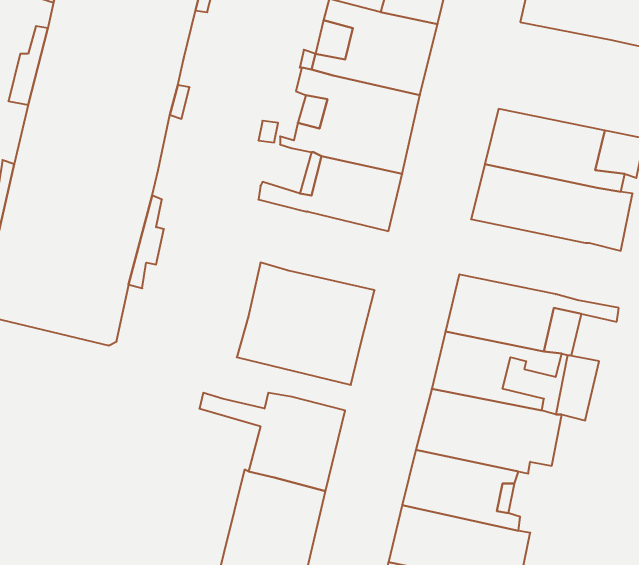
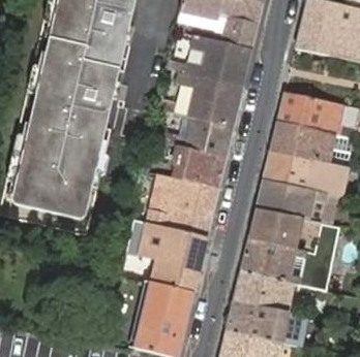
building: none -> [174,144,227,186]
building: none -> [264,149,351,194]
building: none -> [129,221,207,249]

